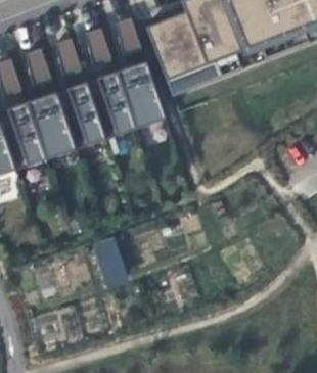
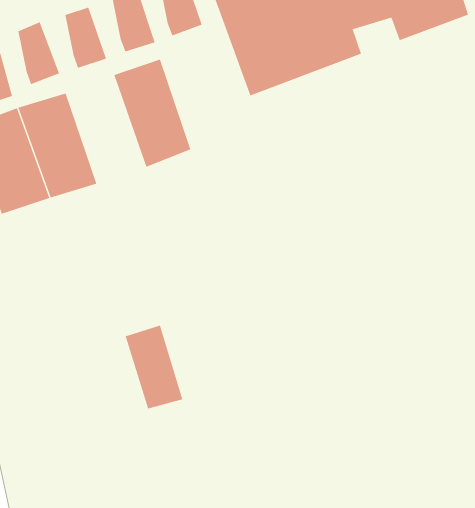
building: [115,59,165,127] -> none
building: [55,80,105,148] -> none

